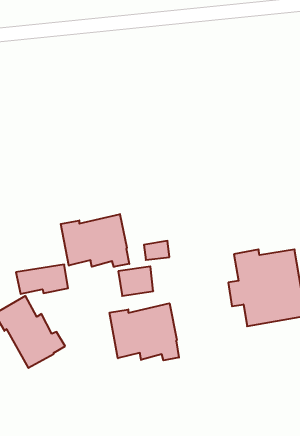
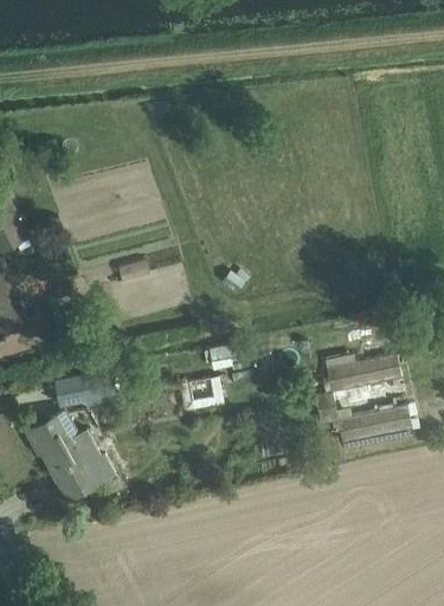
building: [61,214,129,267] -> none
building: [110,303,179,360] -> none

